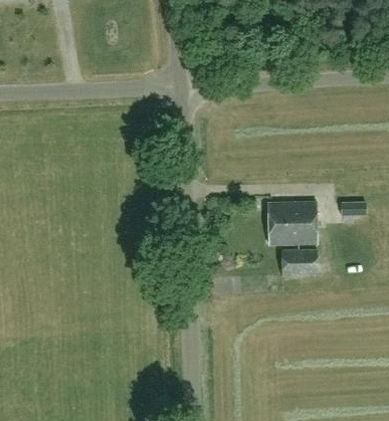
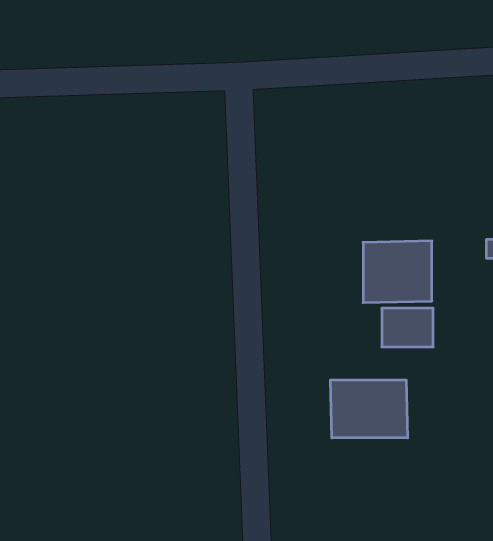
building: none -> [330,380,408,438]

